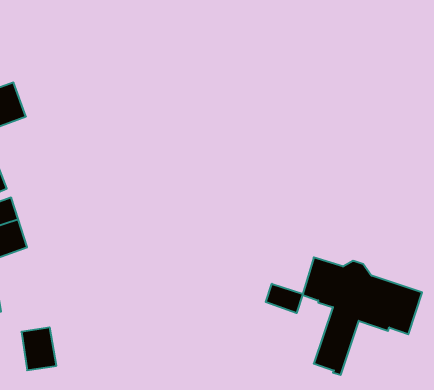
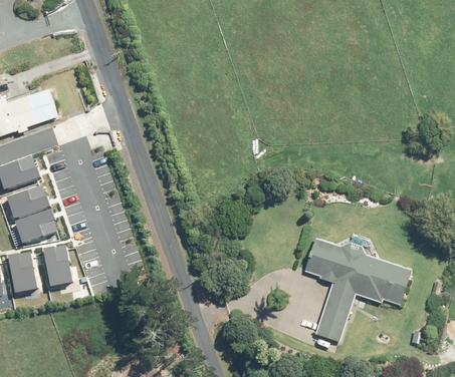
building: [266,284,303,313] -> none
building: [21,327,56,370] -> [42,248,73,286]

